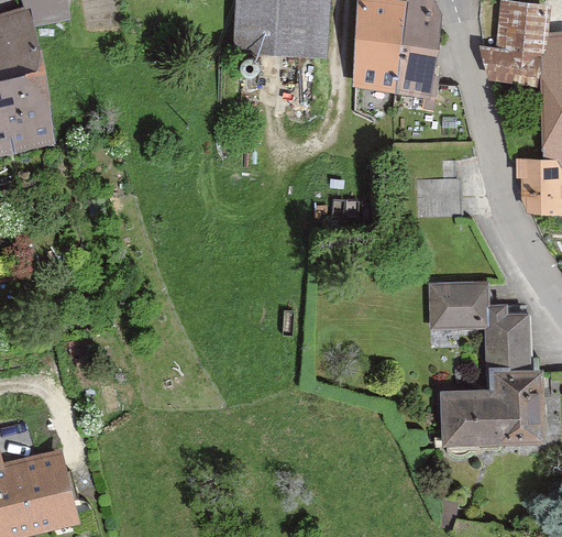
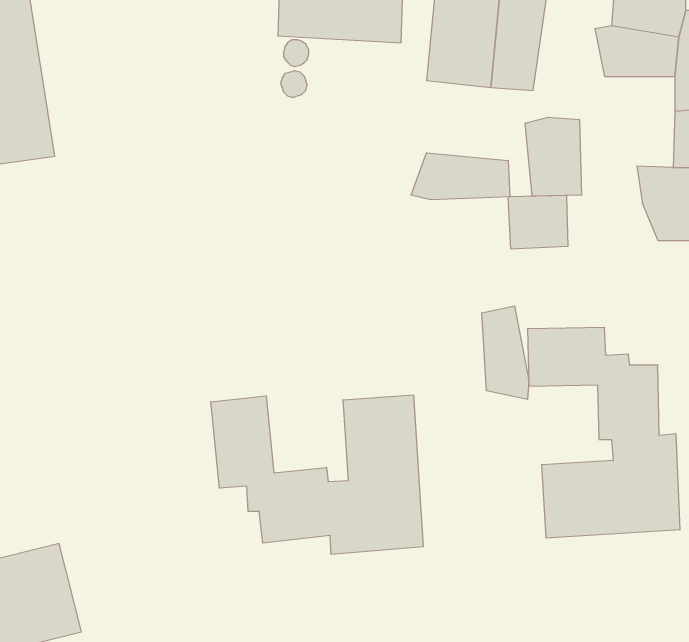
building: none -> [525,117,582,196]
building: none -> [411,153,510,200]
building: none -> [482,306,529,399]
building: none -> [211,395,423,554]

